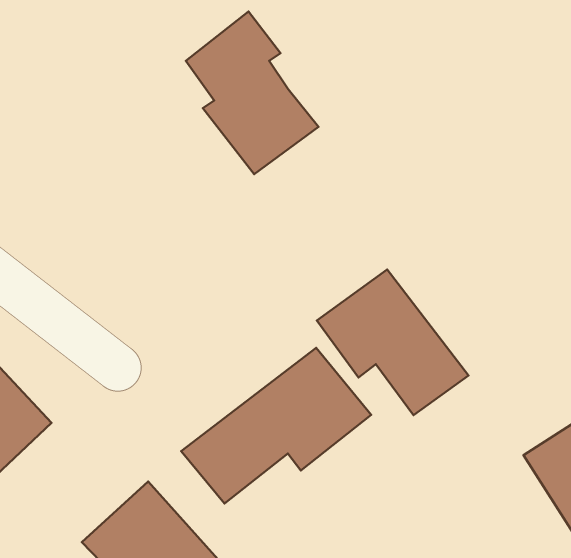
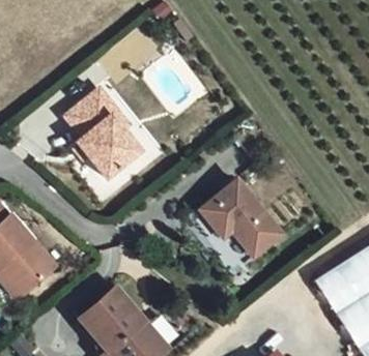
building: [186,11,318,174] -> [68,84,141,173]
building: [181,348,371,503] -> none

